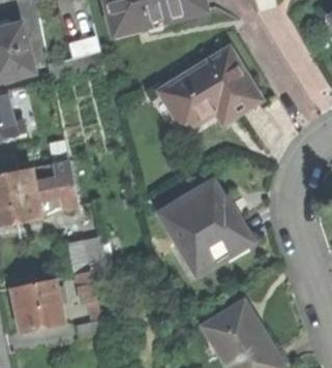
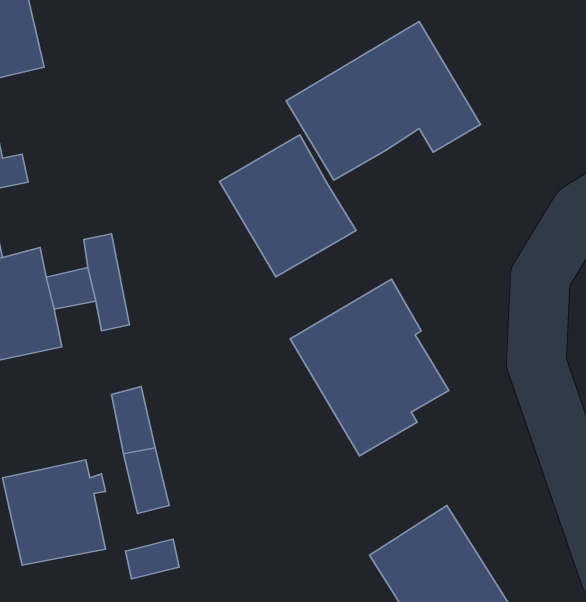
building: none -> [220,135,356,277]

